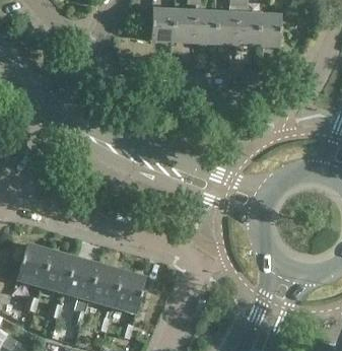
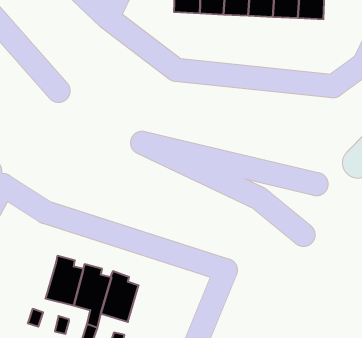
building: [18,243,50,286] -> none
building: [112,270,145,313] -> none

